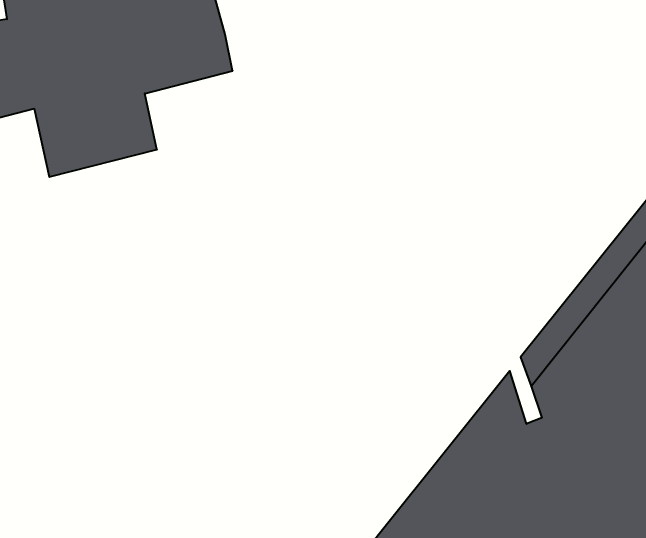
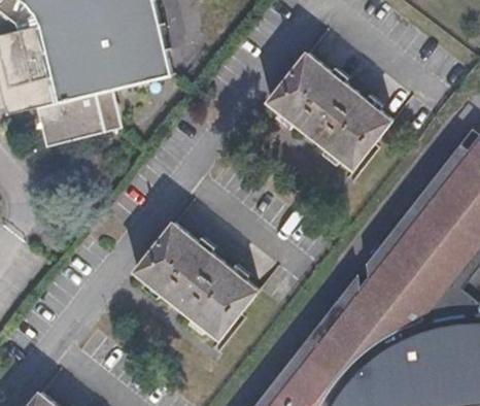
building: none -> [267,53,389,168]
building: none -> [133,224,255,338]

